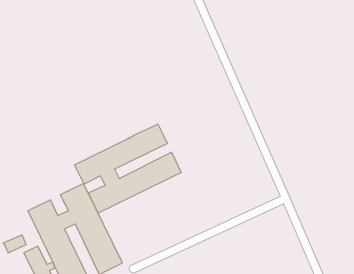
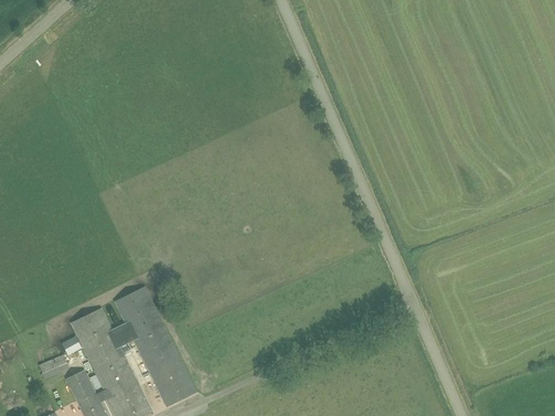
building: [75,124,181,213] -> none

